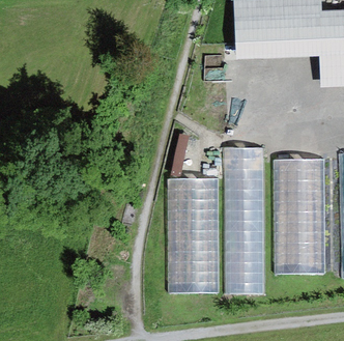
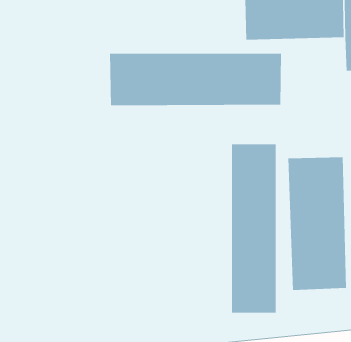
building: none -> [110,53,281,106]
building: [168,178,219,291] -> none

